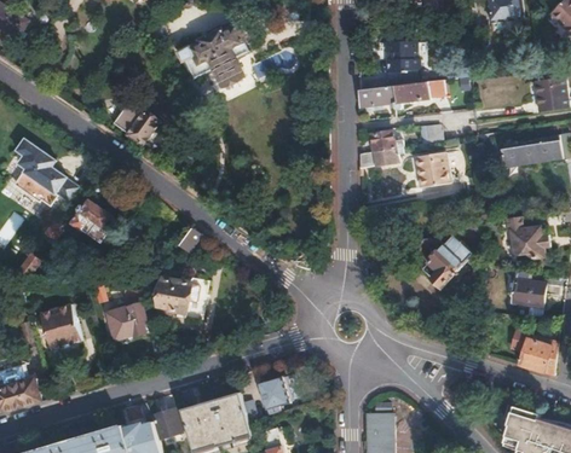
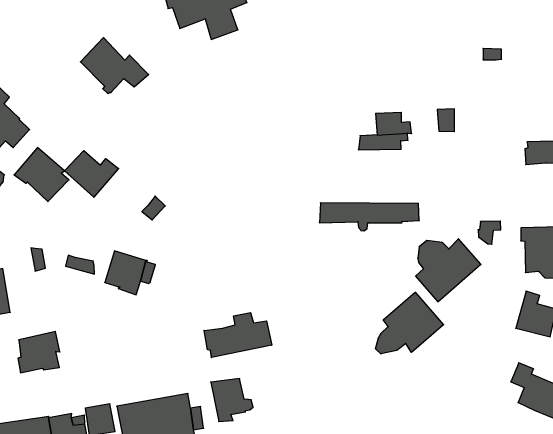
building: [386,41,421,71] -> none
building: [358,81,444,110] -> [319,203,419,231]
building: [415,153,449,187] -> none
building: none -> [64,151,119,197]
building: none -> [376,292,444,354]
building: [108,302,145,341] -> [18,331,60,373]
building: none -> [204,313,272,358]

